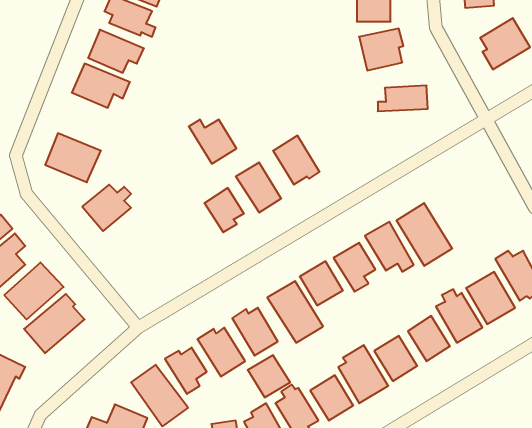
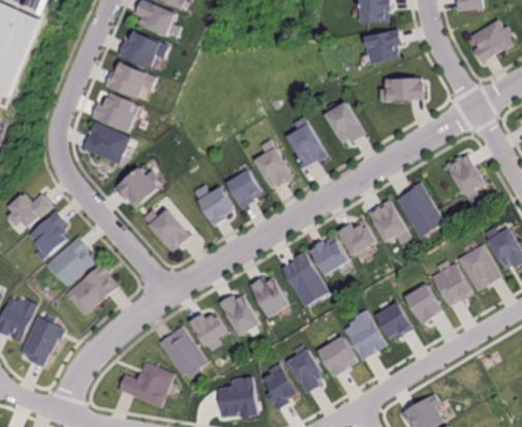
building: none -> [92,93,140,133]
building: none -> [325,102,365,145]
building: [189,120,236,164] -> [193,184,236,223]
building: none -> [444,152,484,204]
building: none -> [143,209,190,251]
building: [248,355,290,398] -> none

